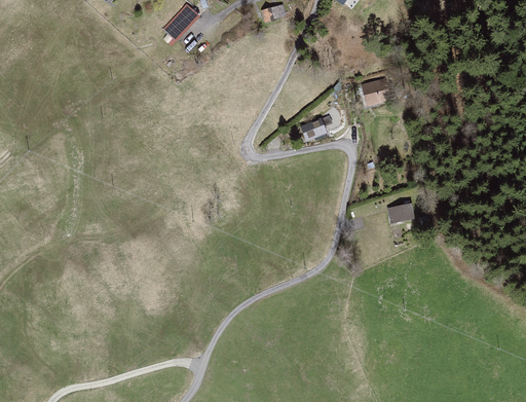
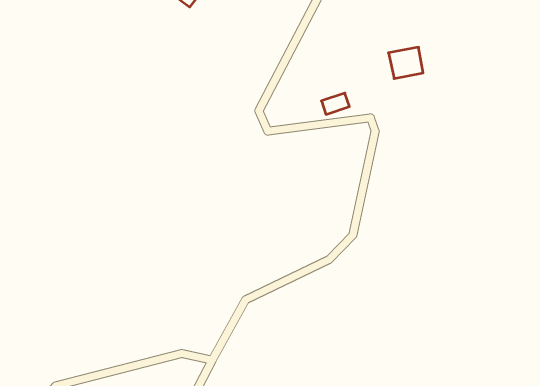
building: [386,198,417,219] -> none

